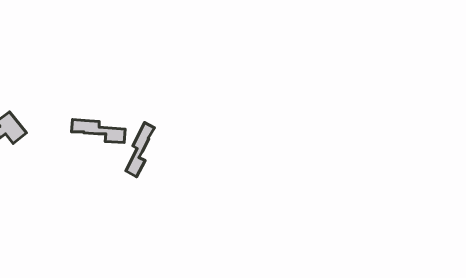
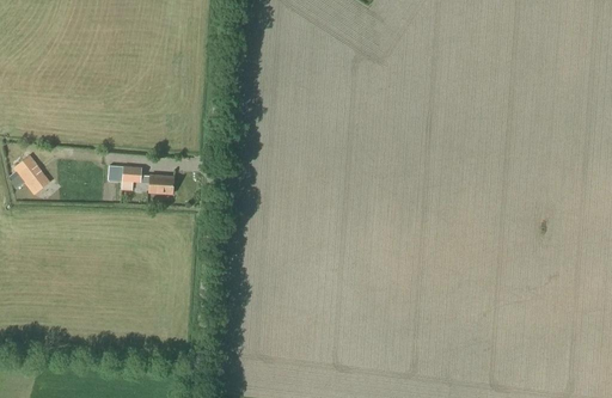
building: [126,123,154,177] -> none

